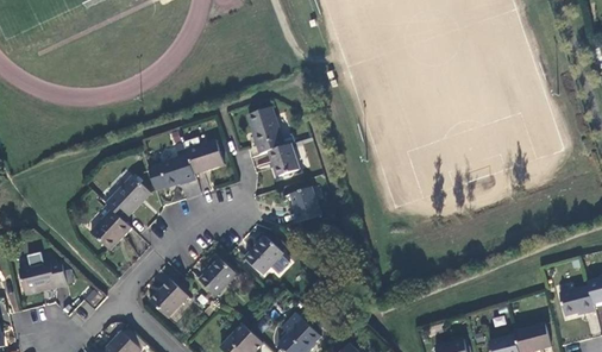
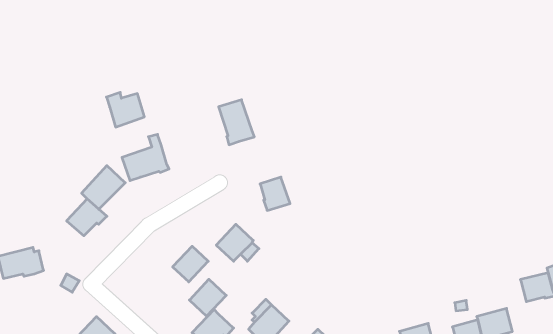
building: [184,138,224,174] -> [106,92,144,127]
building: [269,143,299,176] -> none
building: [150,279,188,318] -> [189,279,226,316]

